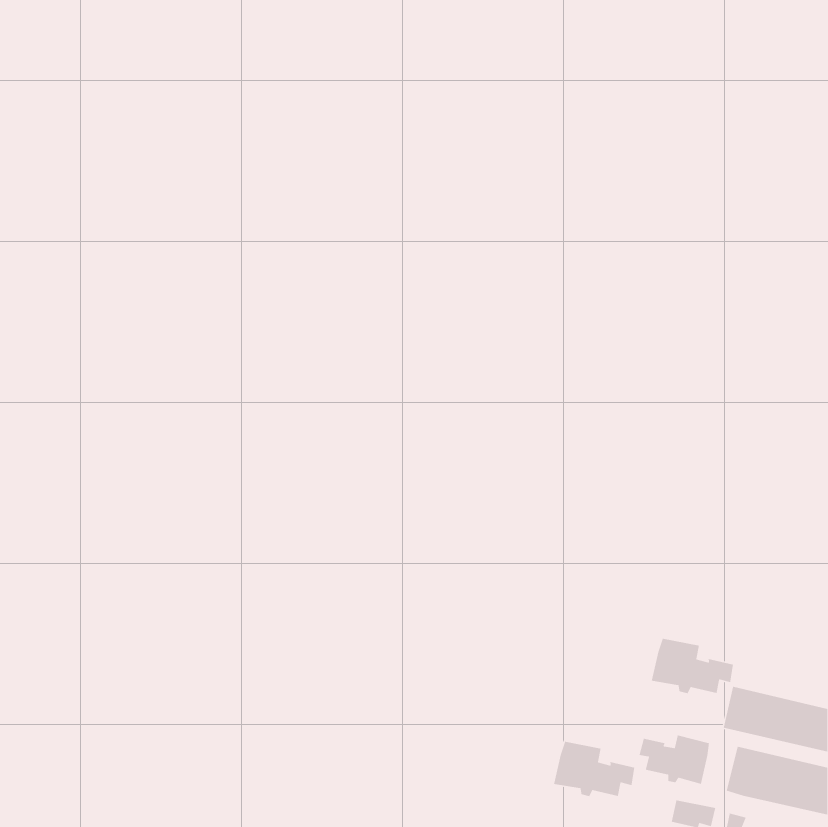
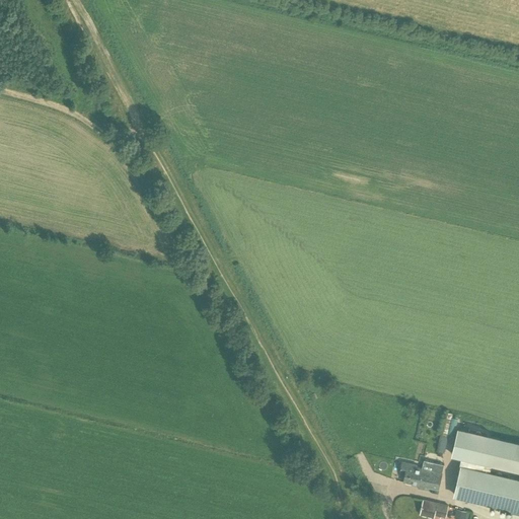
building: [651,638,734,694] -> none
building: [553,741,635,797] -> none

